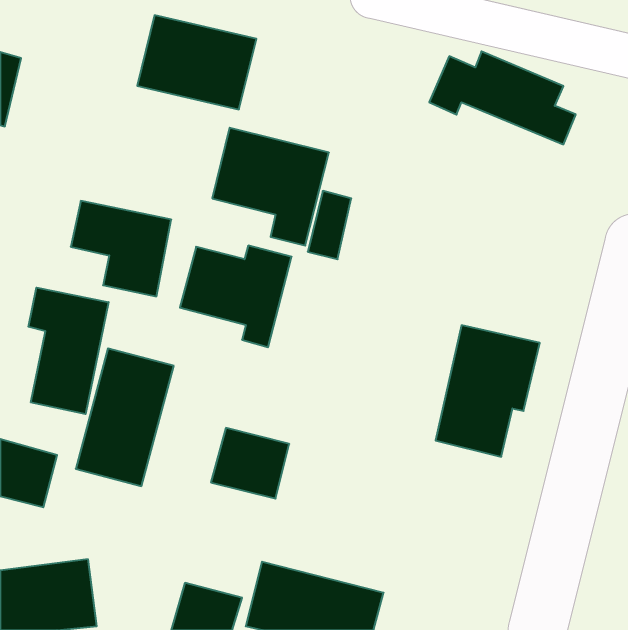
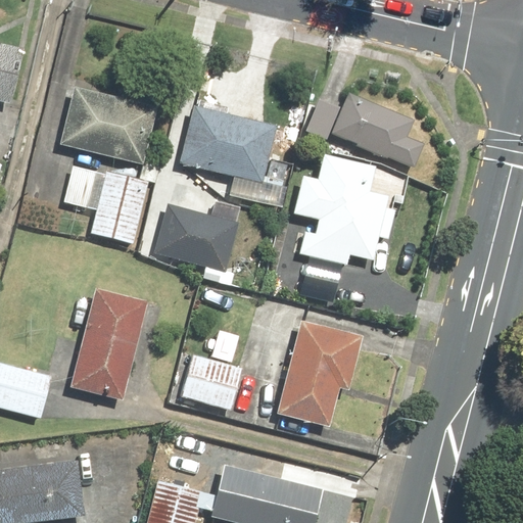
building: [137,15,256,109] -> [58,87,156,164]
building: [429,51,576,144] -> [303,91,424,168]
building: none -> [291,157,395,263]
building: [28,288,109,414] -> none
building: [436,325,540,457] -> [276,320,362,428]

